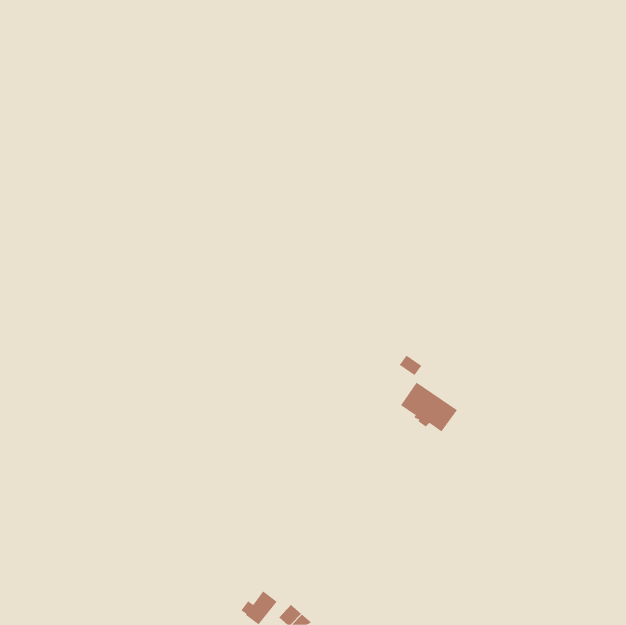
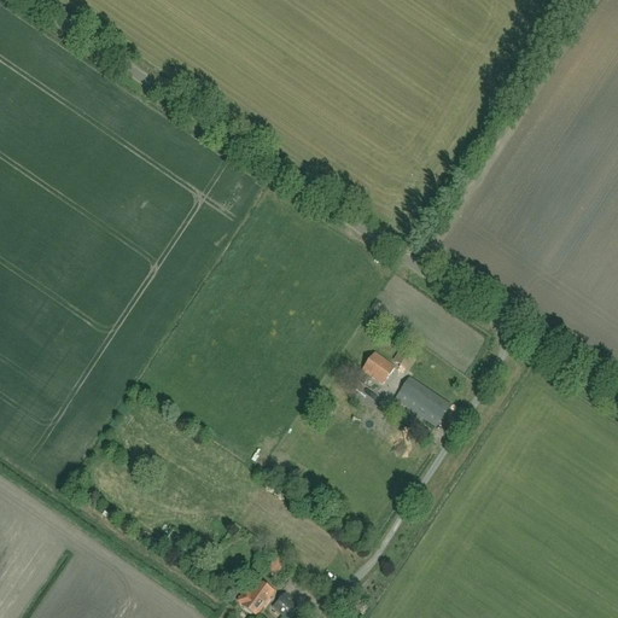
building: none -> [362,351,395,384]

